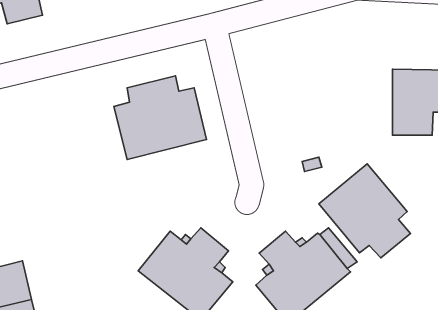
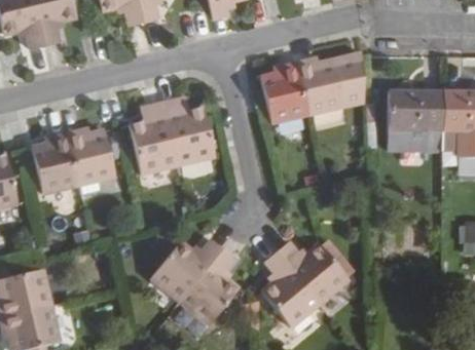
building: none -> [260,53,364,124]
building: none -> [31,128,115,195]
building: [319,164,410,258] -> none

